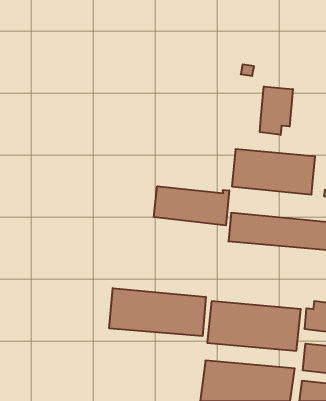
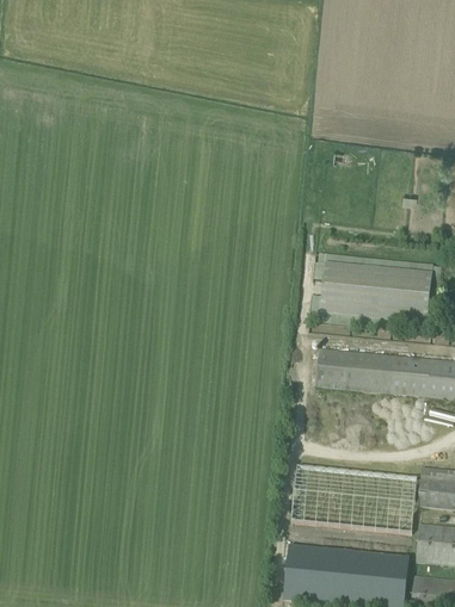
building: [260,86,293,135] -> none
building: [154,186,229,225] -> none
building: [109,288,206,336] -> none

